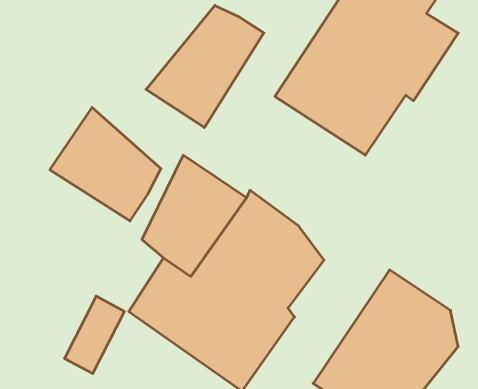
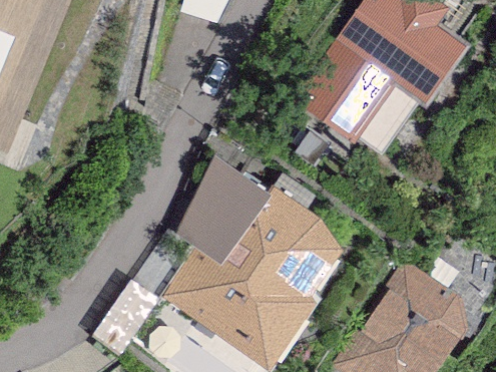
building: [146,5,264,128] -> none
building: [50,107,161,221] -> none

